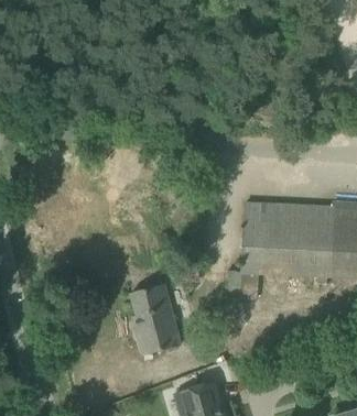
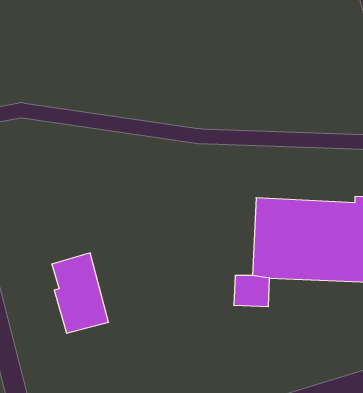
building: [130,283,181,354] -> [52,253,109,333]

